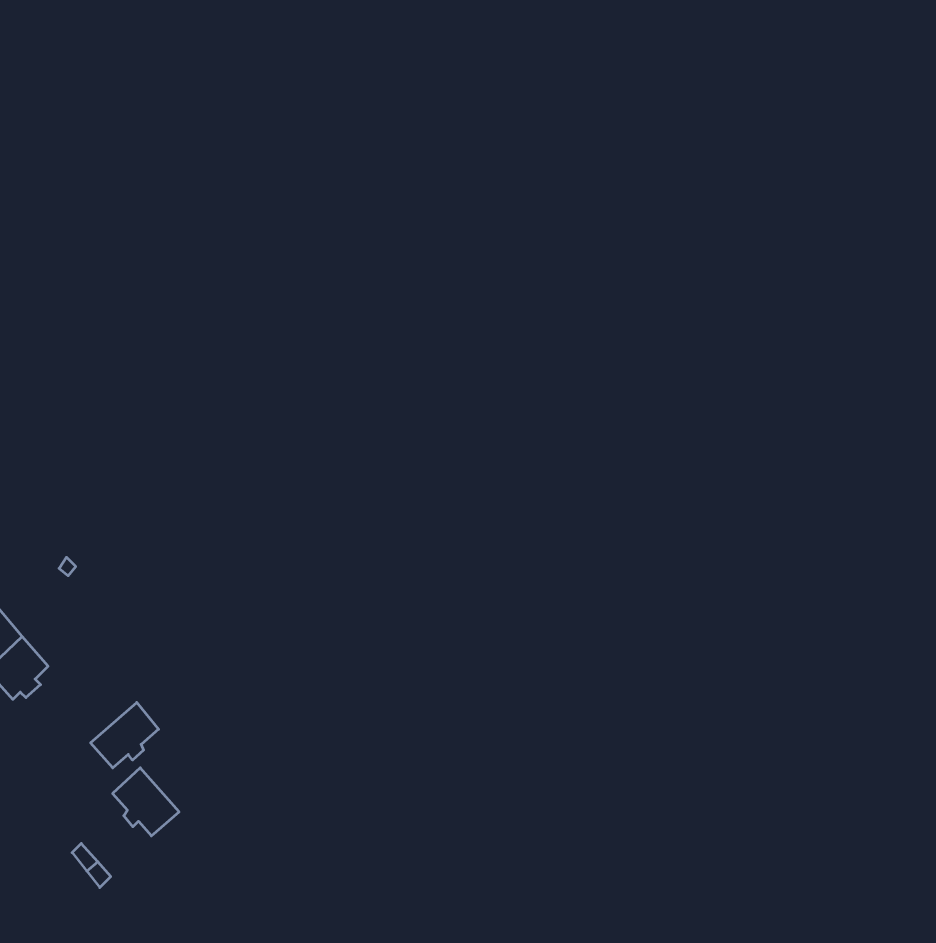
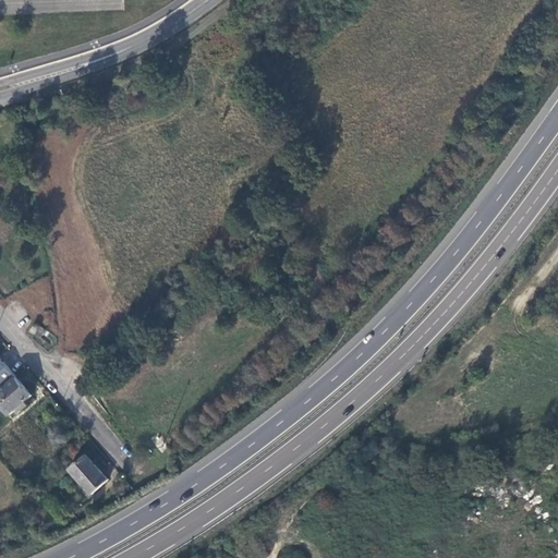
building: [91,702,159,768] -> none

